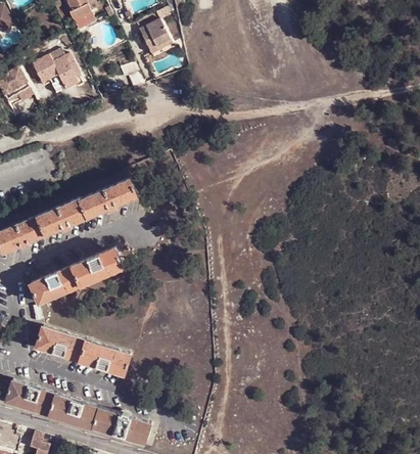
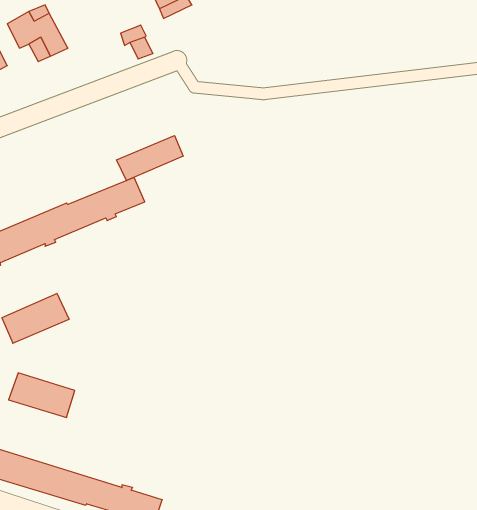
building: none -> [117,136,183,181]
building: [72,249,123,286] -> none
building: [79,340,130,375] -> none

